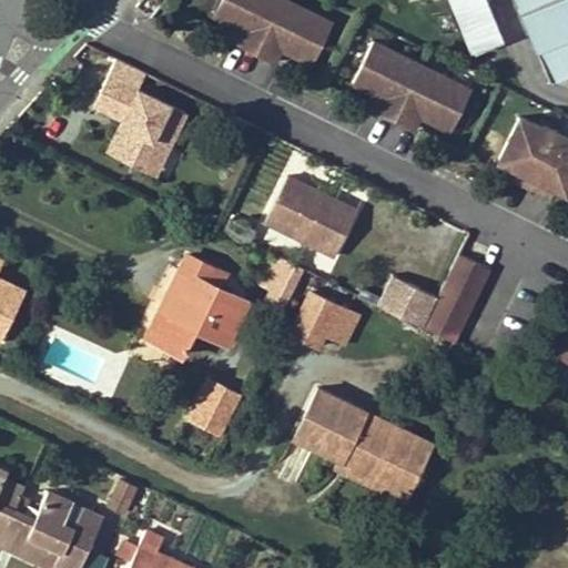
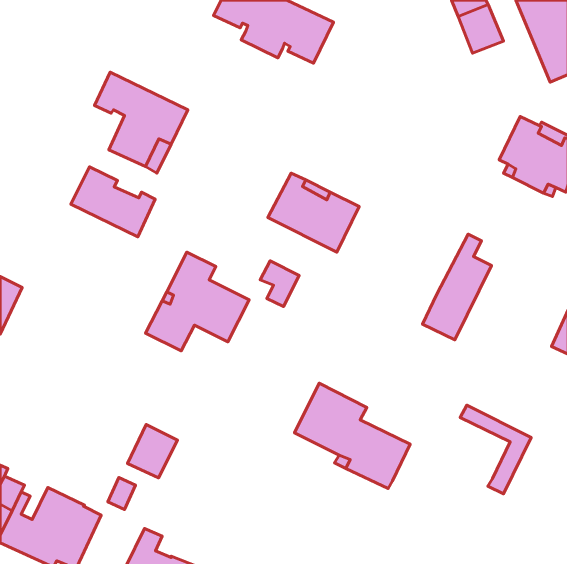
building: [353,44,471,133] -> none
building: none -> [71,167,155,237]
building: [377,275,437,327] -> none
building: [307,281,353,334] -> none
building: [191,379,241,433] -> [127,425,177,478]
building: [361,410,432,499] -> [460,405,531,494]

